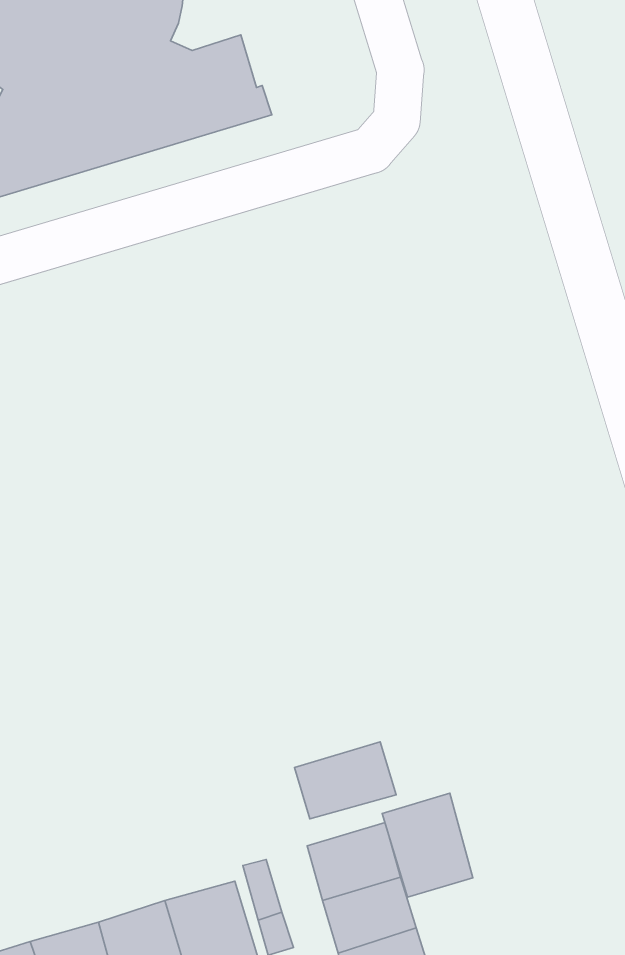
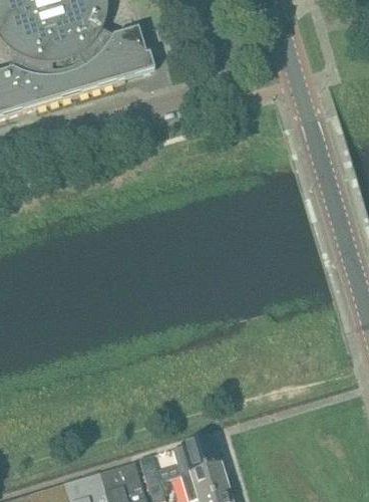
building: [295,742,396,819] -> none
building: [382,793,473,897] -> none

